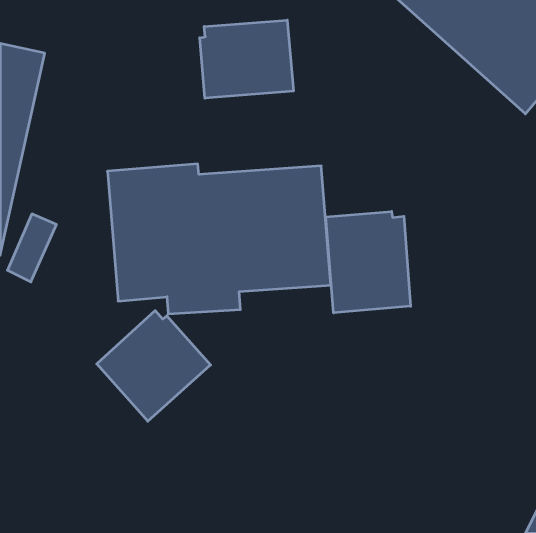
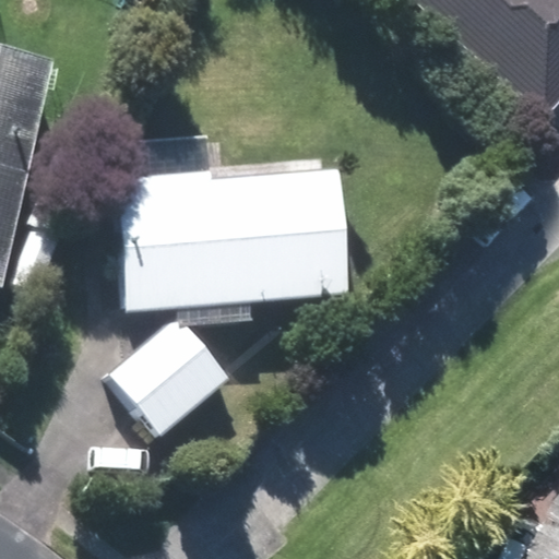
building: [200,20,293,98] -> none
building: [326,211,411,313] -> none

